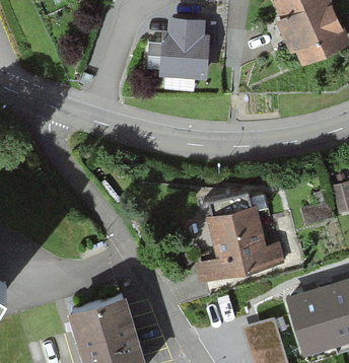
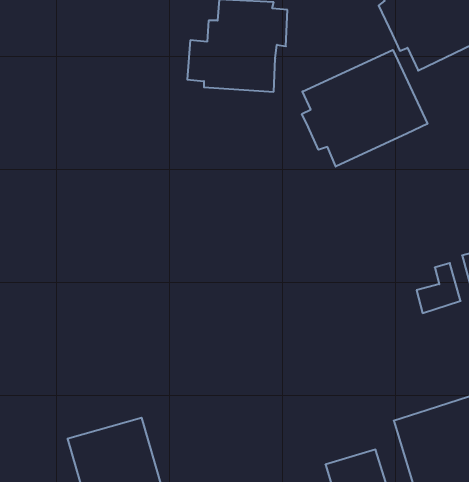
building: none -> [302,50,427,167]
building: [195,195,286,285] -> none

